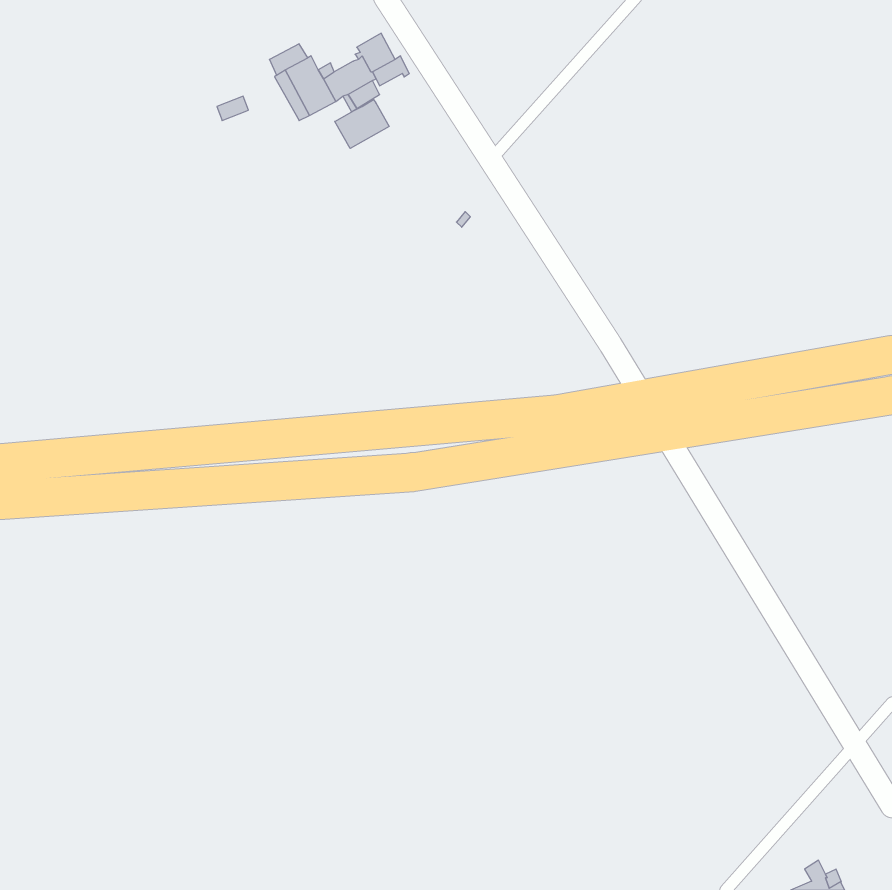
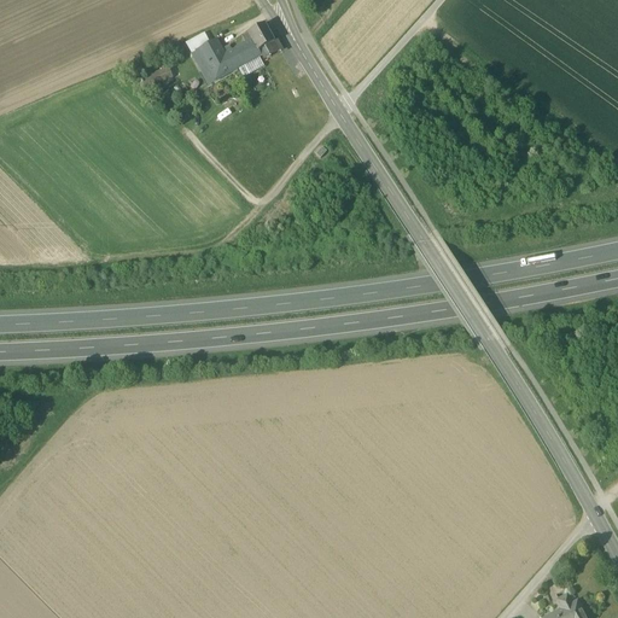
building: [335,99,389,148] -> none

